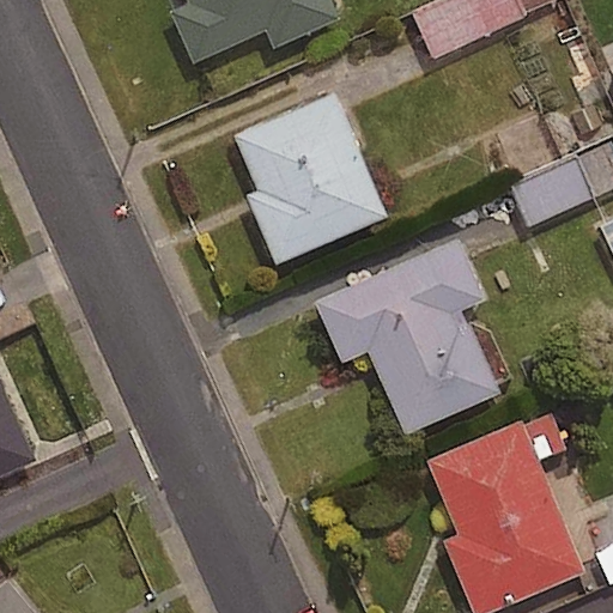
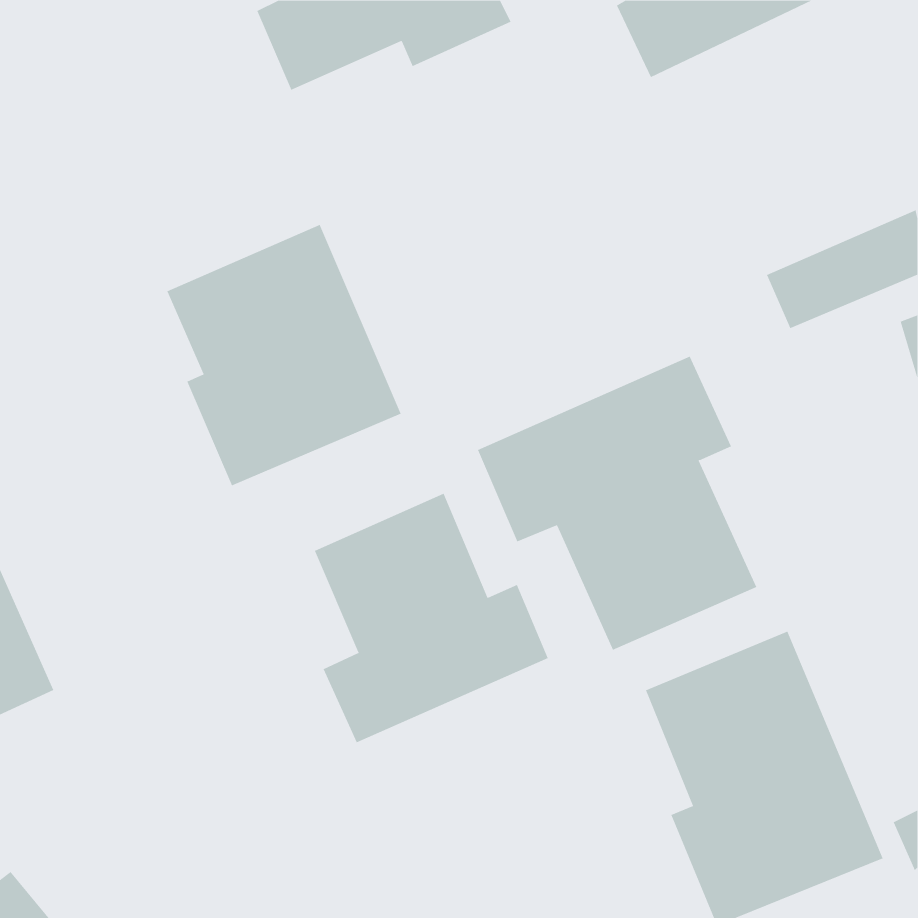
building: [232,91,388,265] -> [167,224,402,486]
building: none -> [314,493,548,743]

